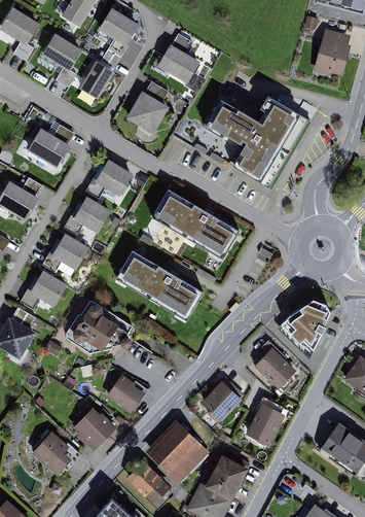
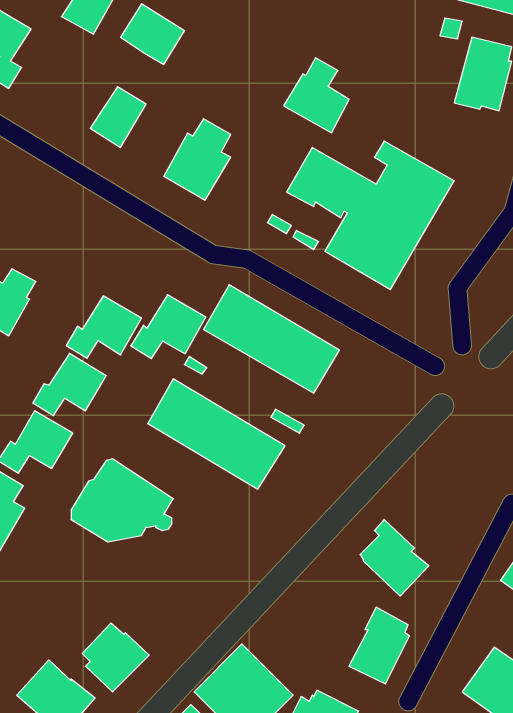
building: [41,33,82,89] -> none
building: [157,34,199,82] -> [284,58,349,133]
building: [101,39,127,68] -> none
building: [27,126,74,168] -> none
building: [84,159,133,200] -> [131,295,206,359]
building: [283,298,330,349] -> none
building: [105,374,149,414] -> none
building: [202,378,244,421] -> none

